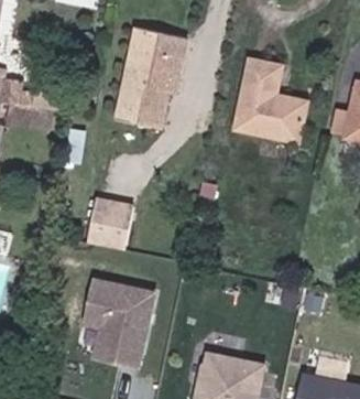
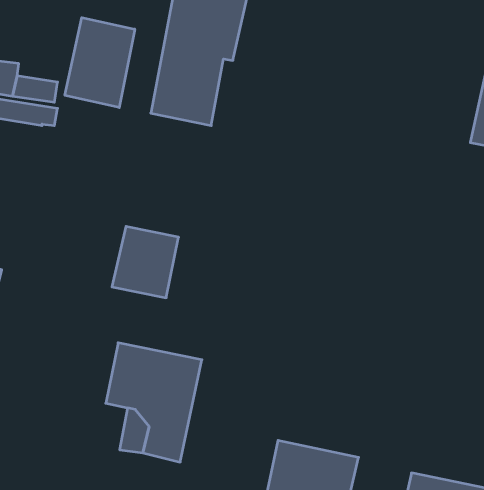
building: none -> [65,18,135,108]
building: [232,58,307,143] -> none

